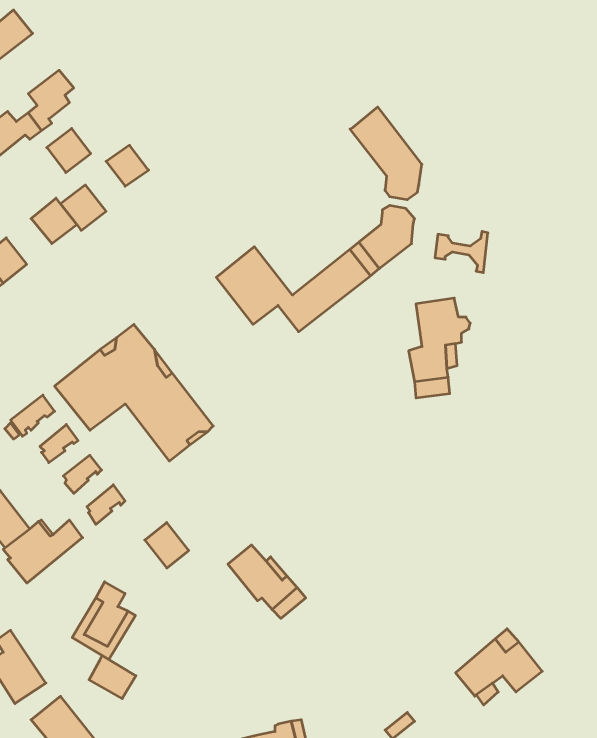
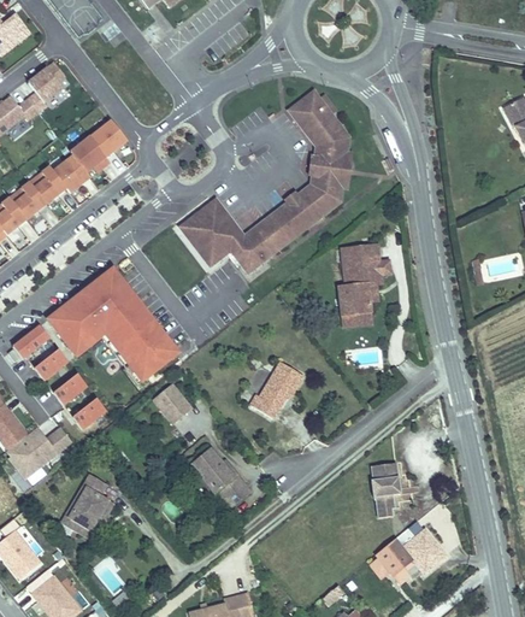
building: [47,128,91,173] -> [70,134,106,170]
building: none -> [8,181,46,218]
building: [435,231,488,273] -> [308,153,352,187]
building: none -> [253,360,305,417]
building: [145,522,189,568] -> [155,386,191,423]
building: none -> [374,460,402,517]
building: [89,656,136,699] -> none

